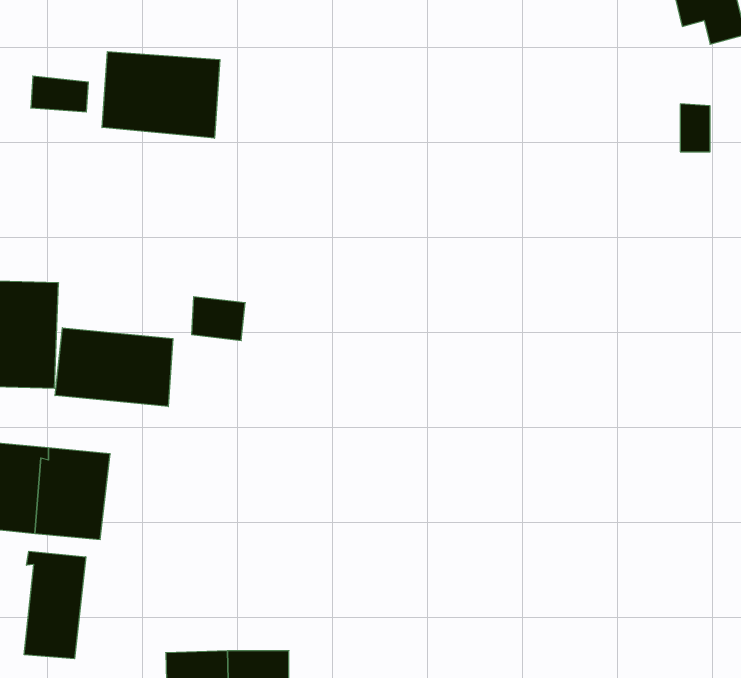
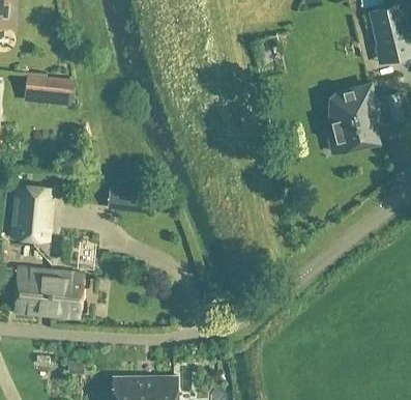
building: [102,52,220,138] -> none
building: none -> [327,85,378,151]
building: [55,328,173,407] -> none
building: [24,551,86,659] -> none

